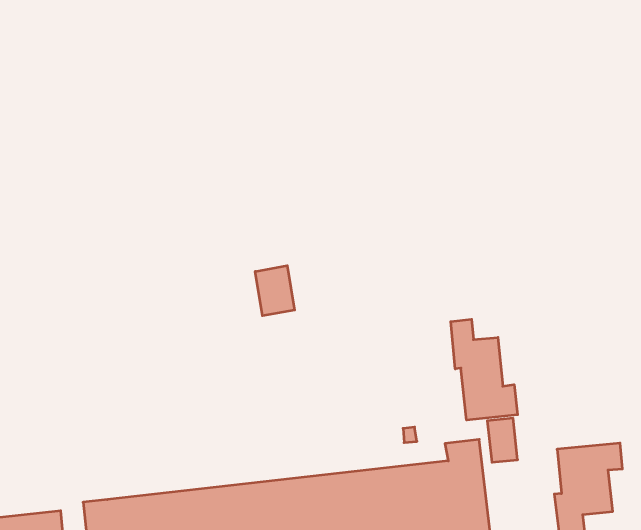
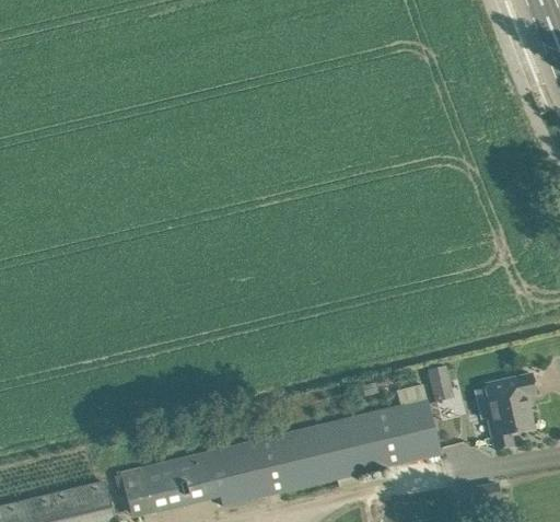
building: [255,266,295,316] -> none
building: [451,319,518,420] -> none

